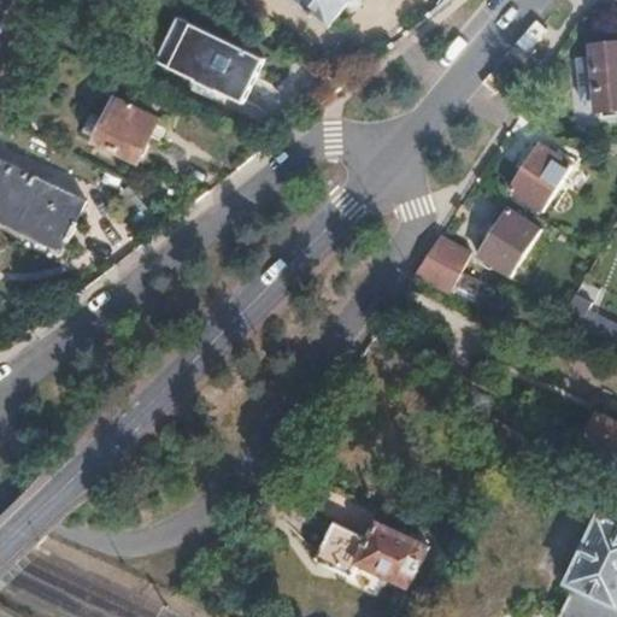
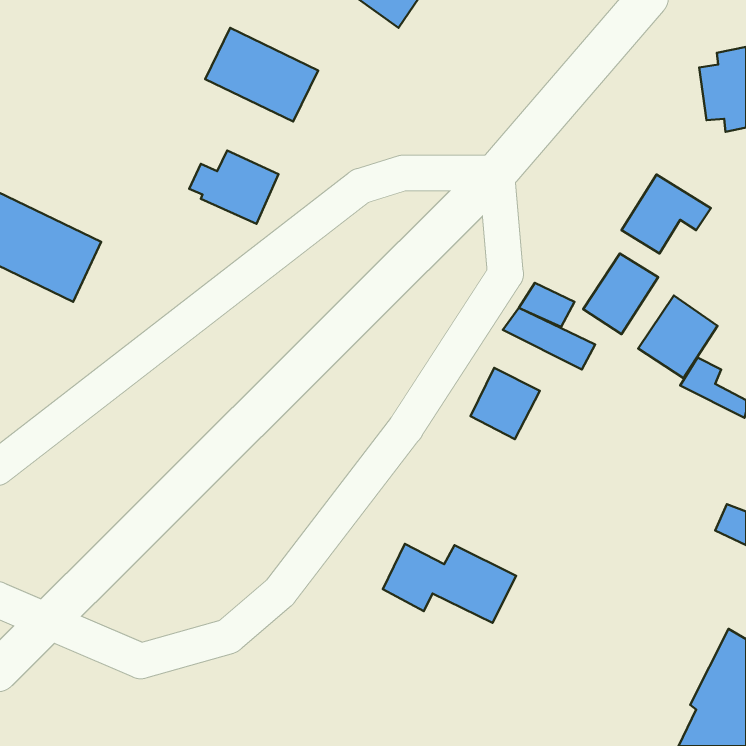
building: [80,98,153,158] -> [189,151,279,224]
building: none -> [638,296,718,378]
building: none -> [470,368,540,439]
building: [317,521,427,586] -> [383,544,516,623]

